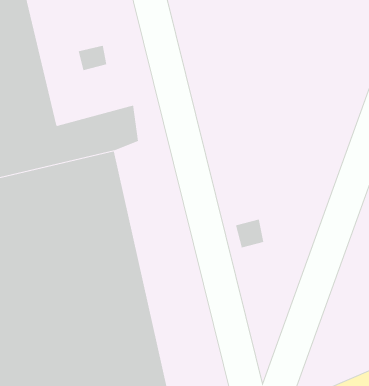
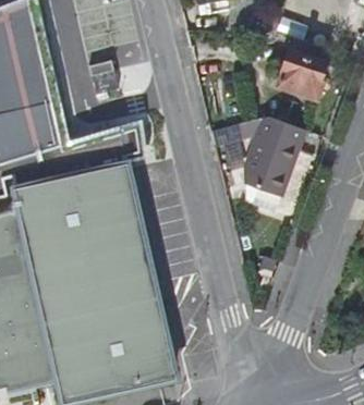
building: none -> [278,36,331,96]
building: none -> [238,116,304,212]

